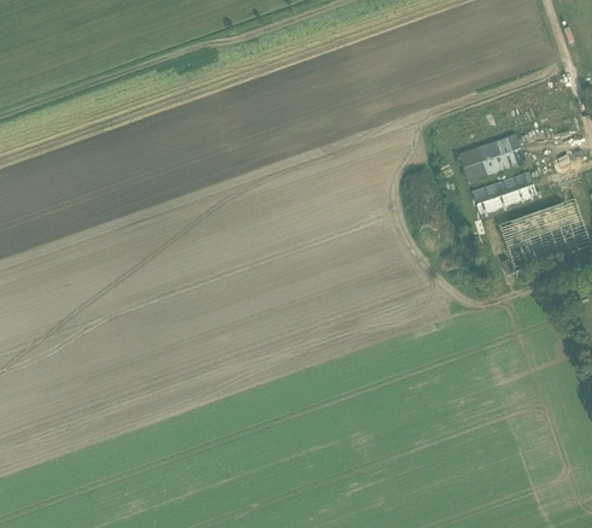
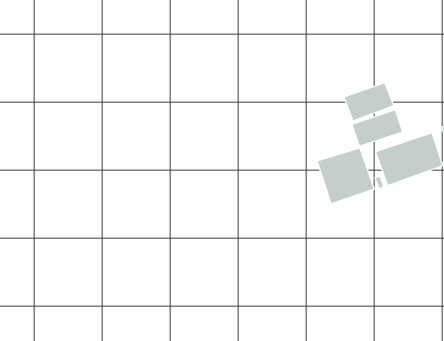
building: none -> [317,148,374,204]

